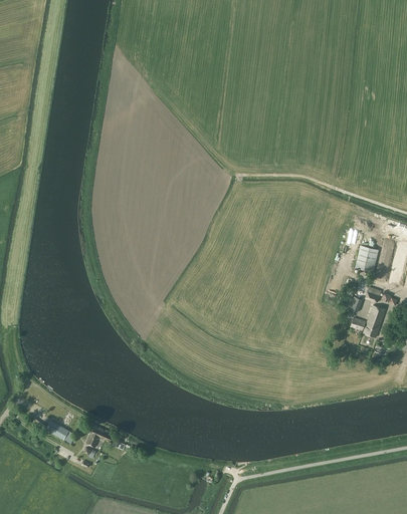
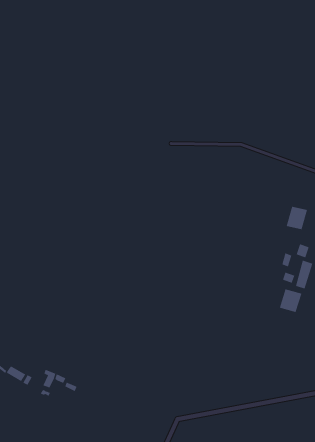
building: none -> [279,289,302,313]

